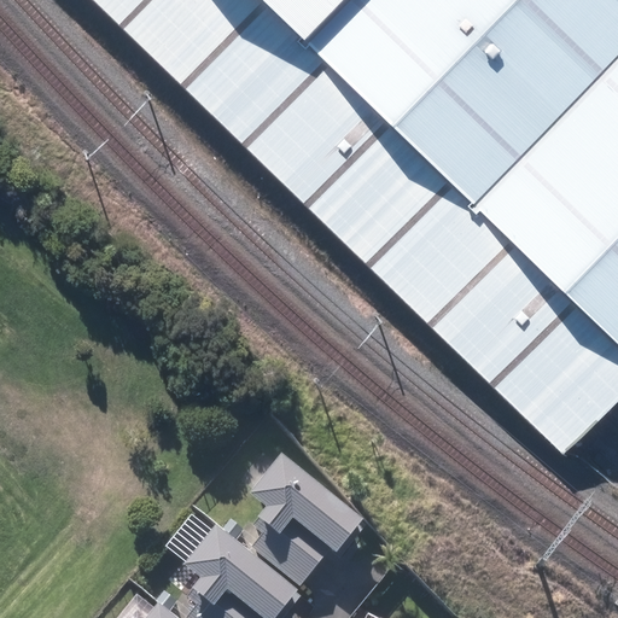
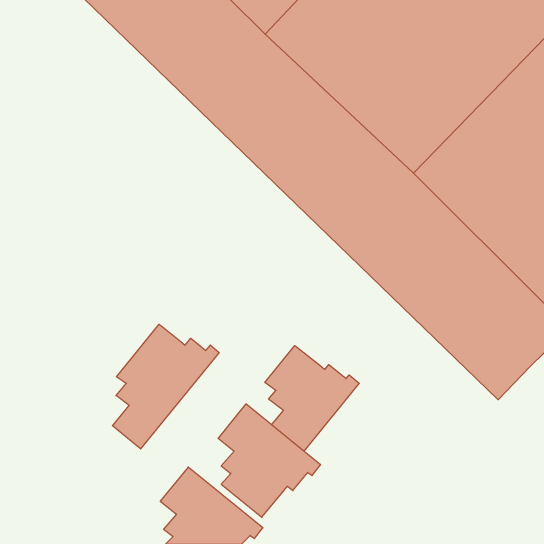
building: none -> [112,324,219,449]
building: none -> [265,346,359,451]

